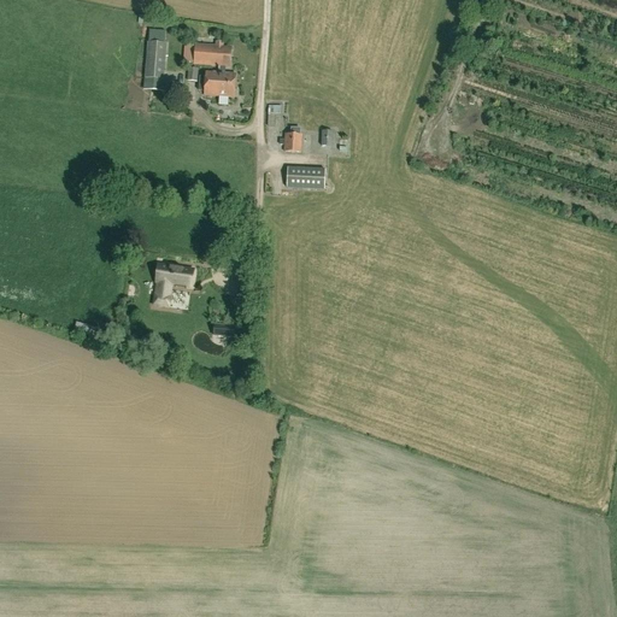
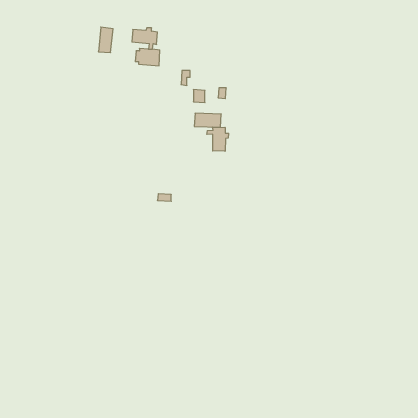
building: none -> [207,127,229,151]
building: [153,264,192,305] -> none

